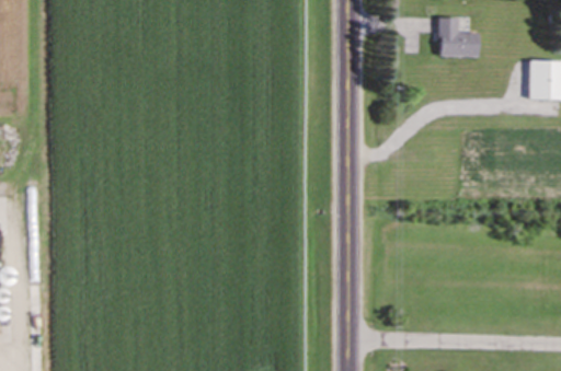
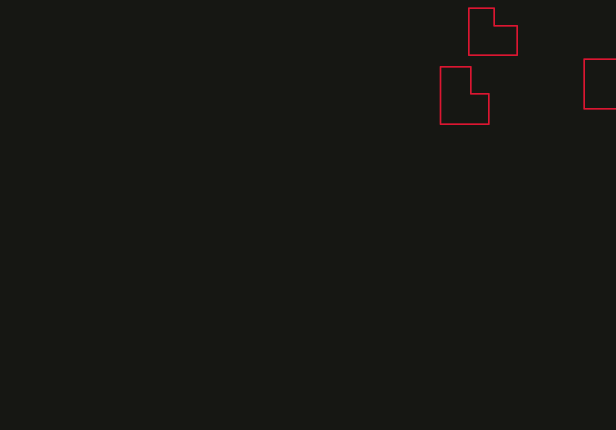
building: none -> [440,67,489,124]

